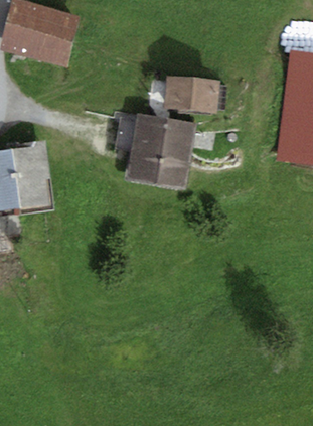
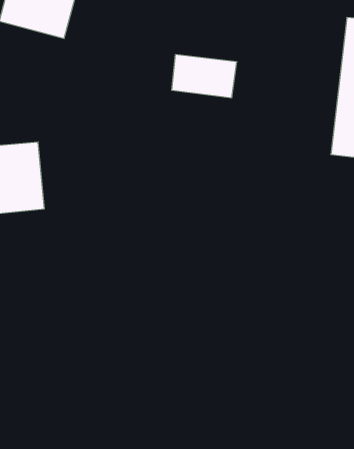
building: [118,114,186,189] -> none

